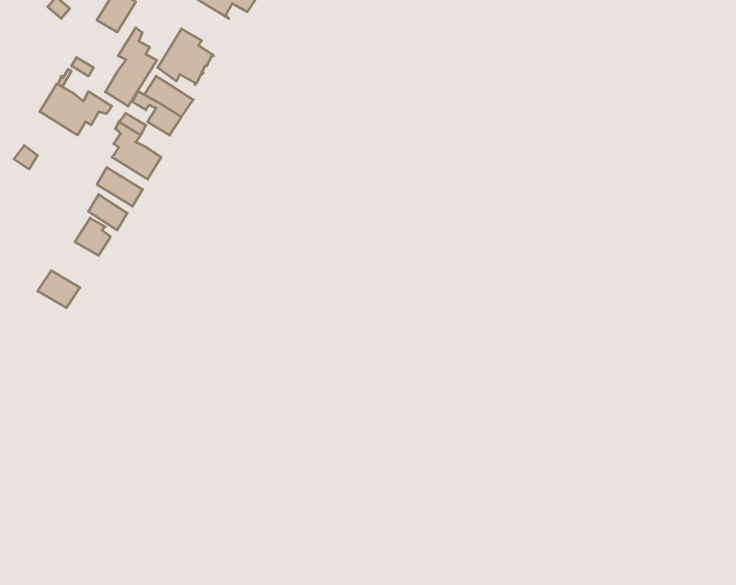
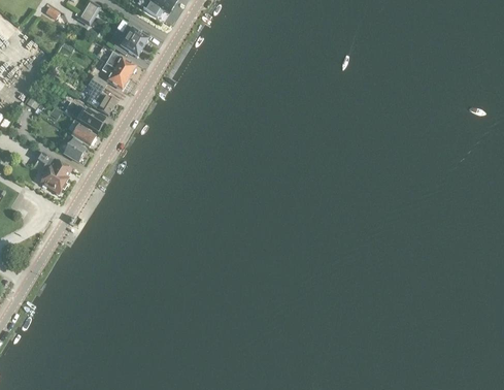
building: [105,28,157,106] -> none
building: [40,84,112,135] -> none
building: none -> [32,153,69,182]

